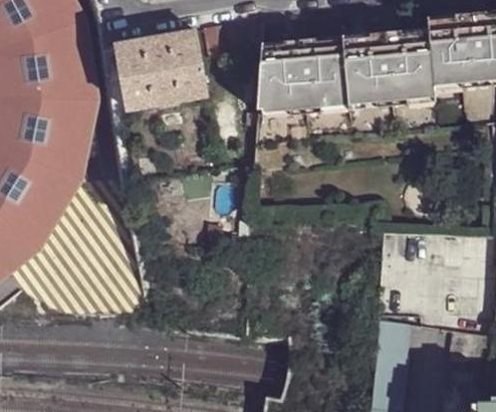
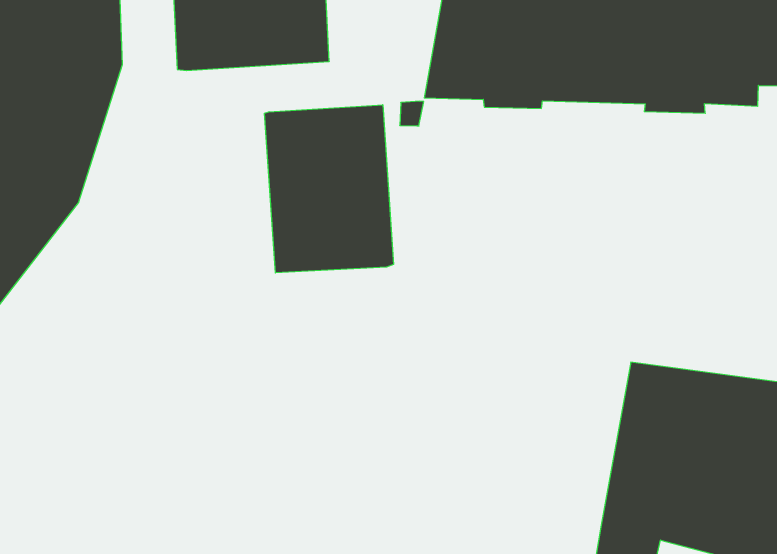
building: none -> [265,105,394,273]

